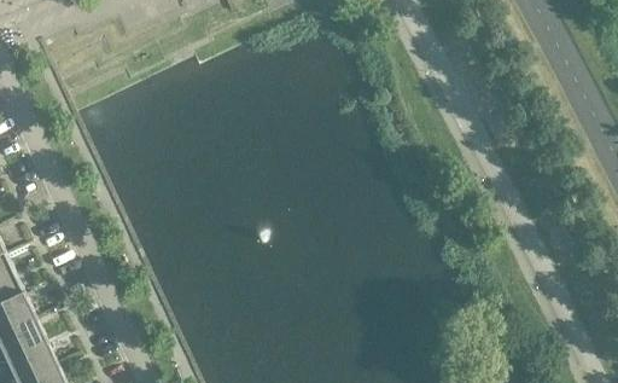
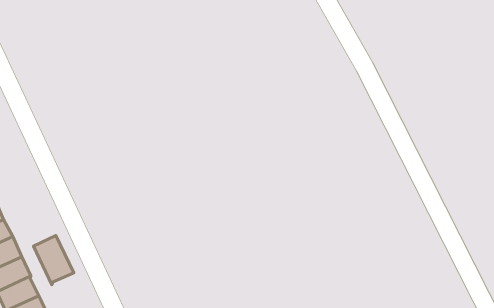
building: none -> [34,236,74,285]

